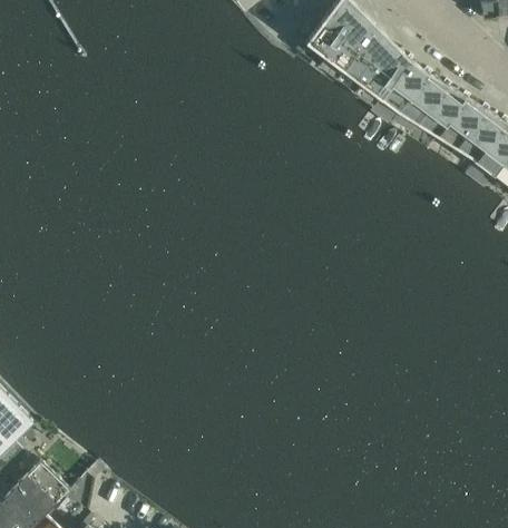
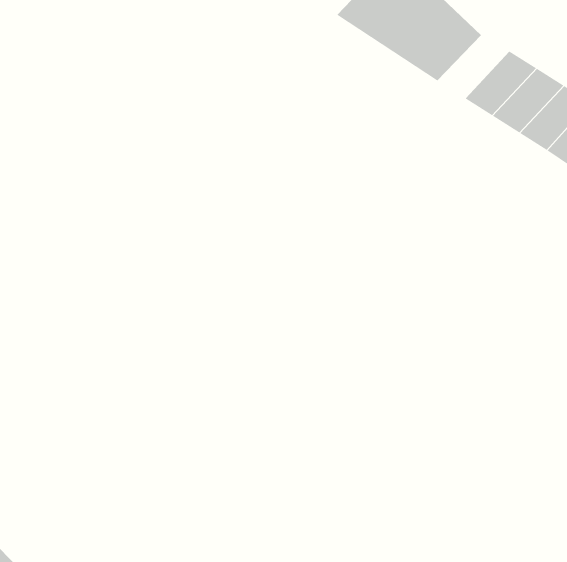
building: [389,72,444,121] -> none

